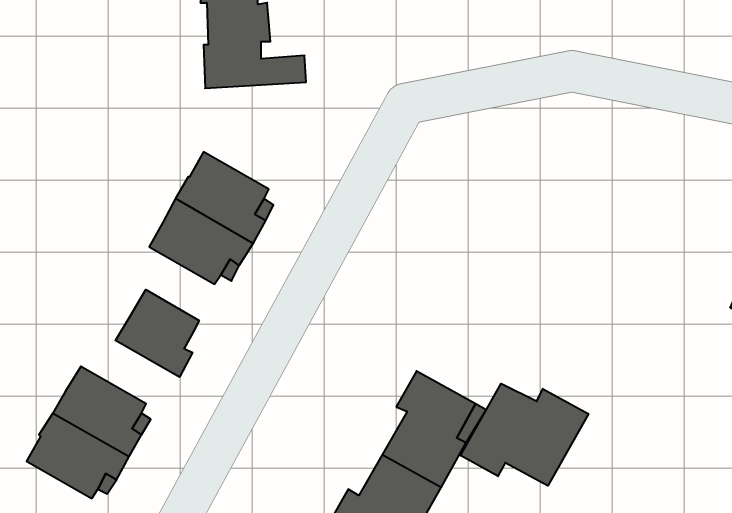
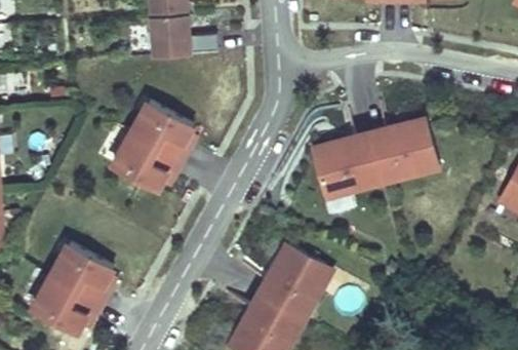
building: none -> [302,117,433,203]
building: [115,290,199,377] -> none
building: [461,384,588,486] -> none

